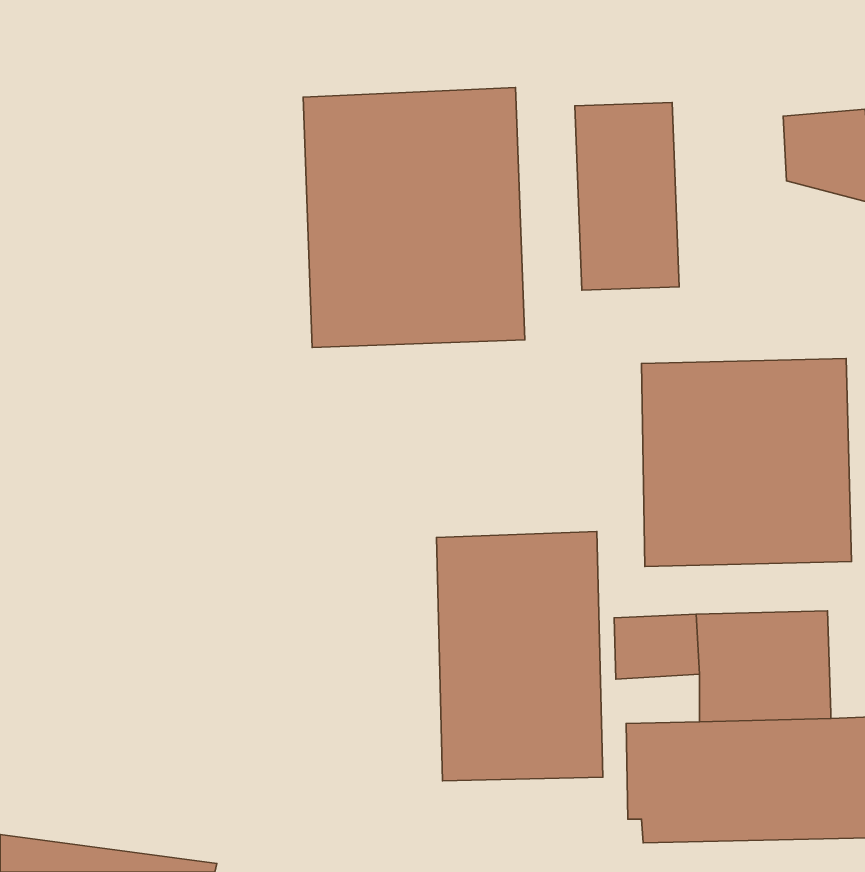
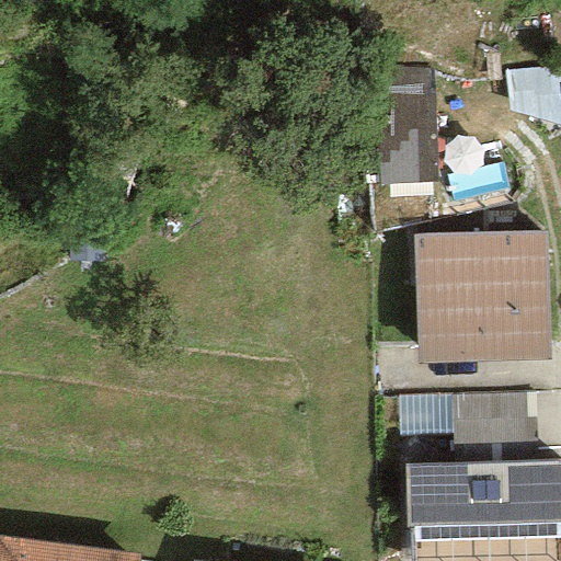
building: [303,87,525,348] -> none
building: [437,531,603,781] -> none

